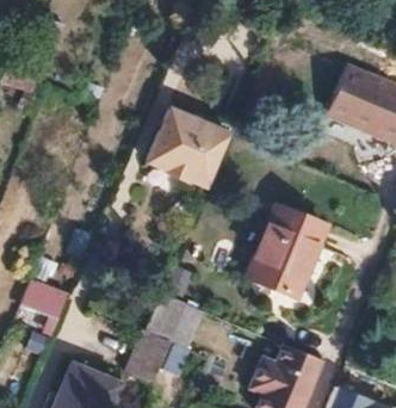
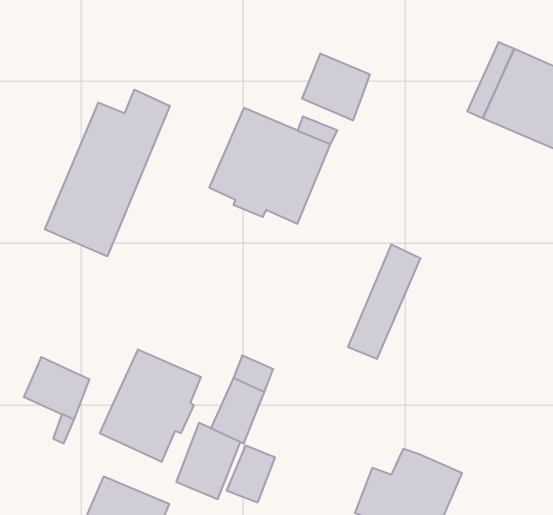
building: none -> [302,53,370,121]
building: none -> [45,90,170,256]
building: [264,212,324,296] -> none
building: none -> [100,349,201,462]

